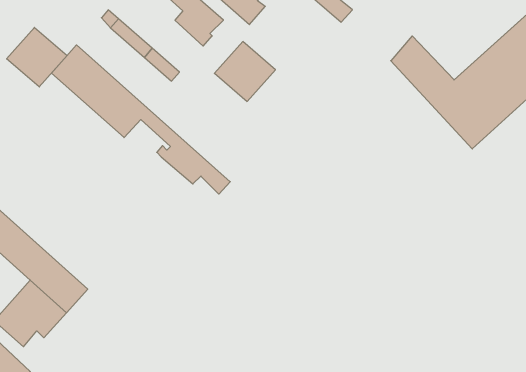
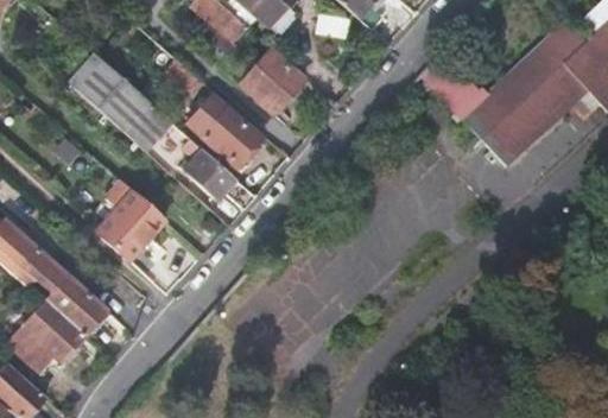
building: [7,27,67,87] -> none
building: none -> [185,94,260,167]
building: none -> [95,190,164,260]

